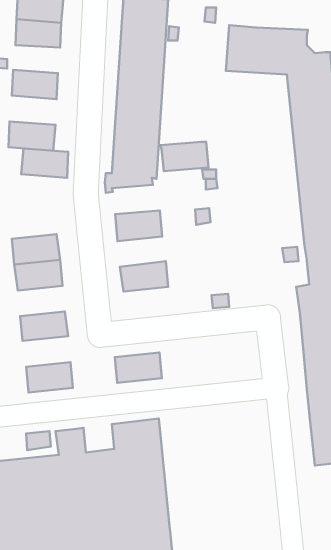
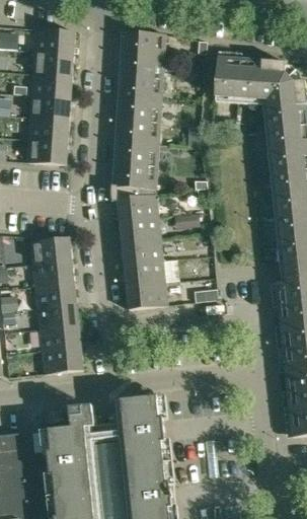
building: none -> [31,74,72,98]
building: [160,142,209,171] -> [117,195,158,220]
building: [21,148,68,178] -> [28,118,69,143]
building: none -> [122,239,163,266]
building: none -> [35,282,76,308]
building: none -> [40,325,81,352]
building: [115,352,162,383] -> [127,283,167,309]

